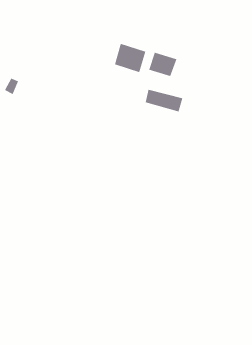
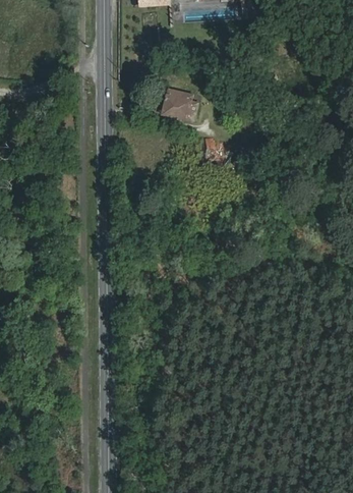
building: [148,52,177,77] -> none

